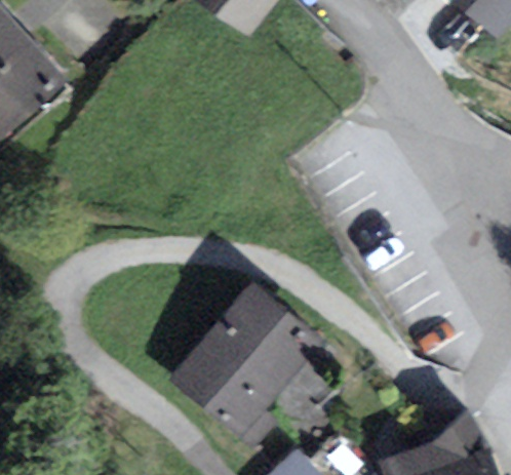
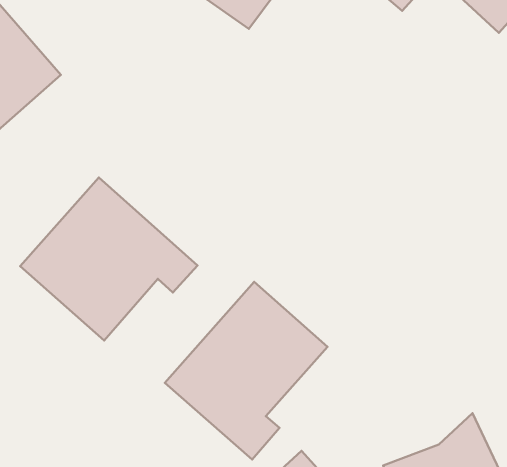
building: none -> [20,177,198,340]

